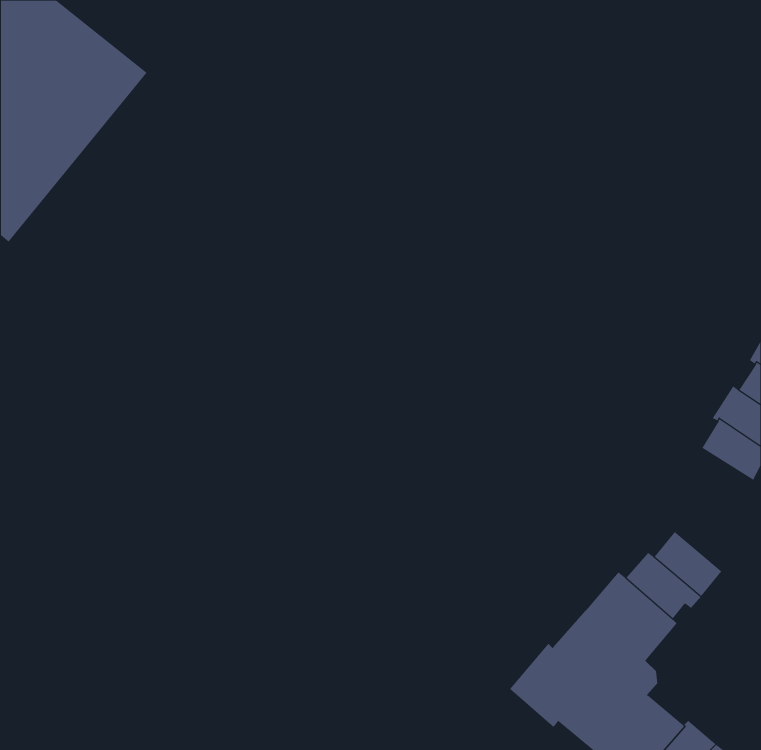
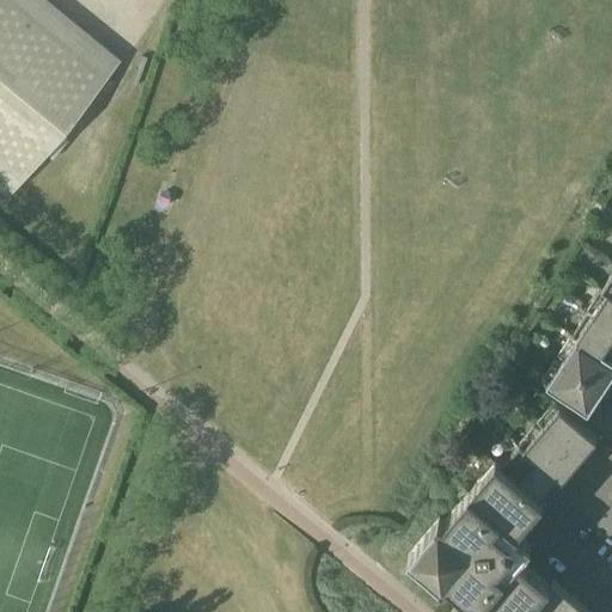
building: none -> [546,368,605,420]
building: none -> [541,414,598,467]

